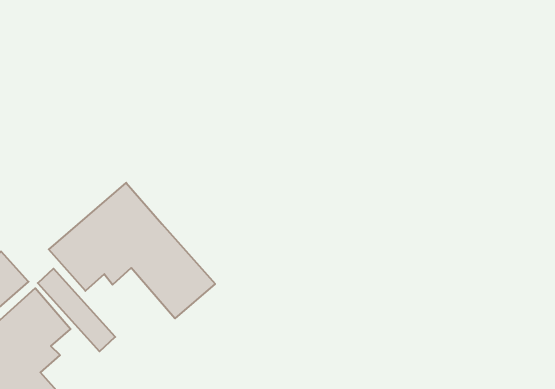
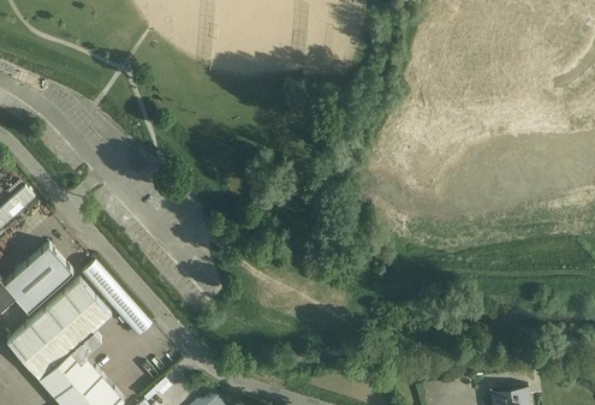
building: [49,183,215,318] -> none

